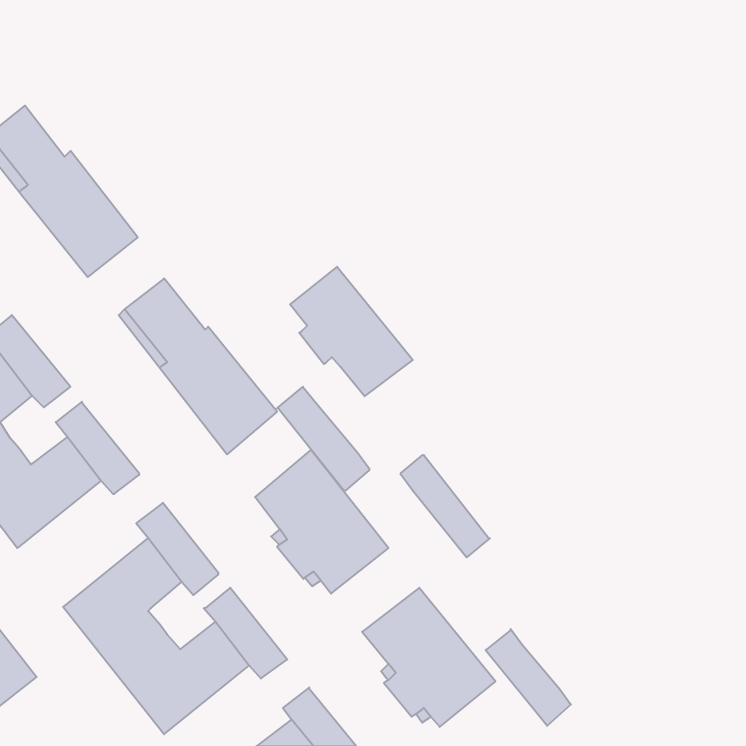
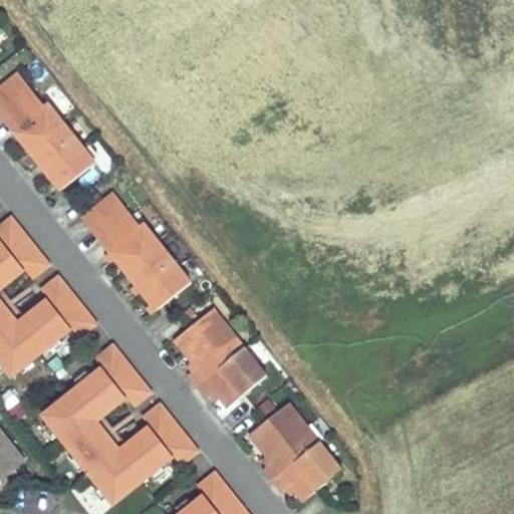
building: [290,267,413,396] -> none
building: [277,387,369,491] -> none
building: [401,455,490,557] -> none
building: [486,629,571,726] -> none

